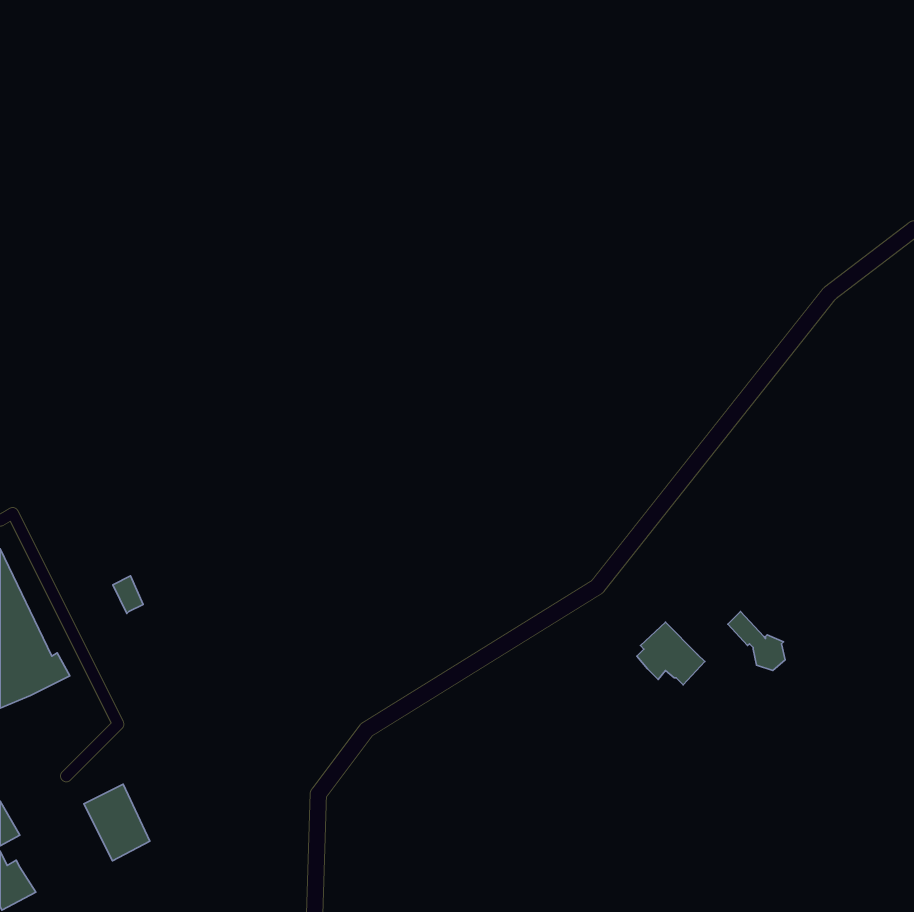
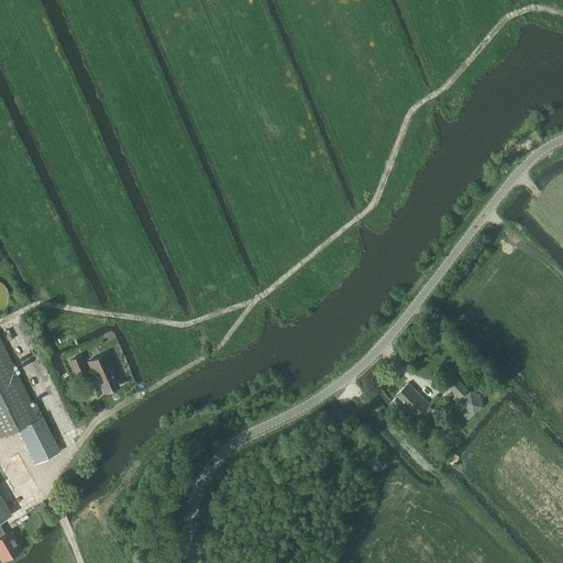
building: none -> [87,353,119,394]
building: [84,784,150,861] -> [19,417,59,464]

